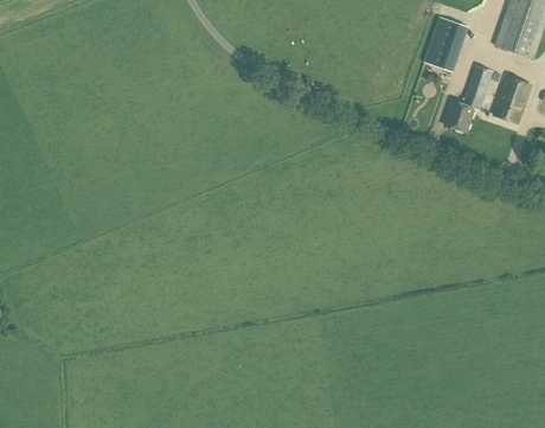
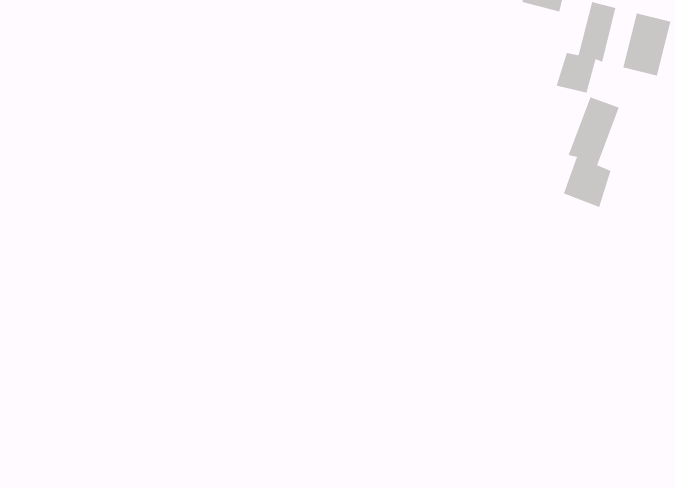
building: none -> [563,96,619,208]

